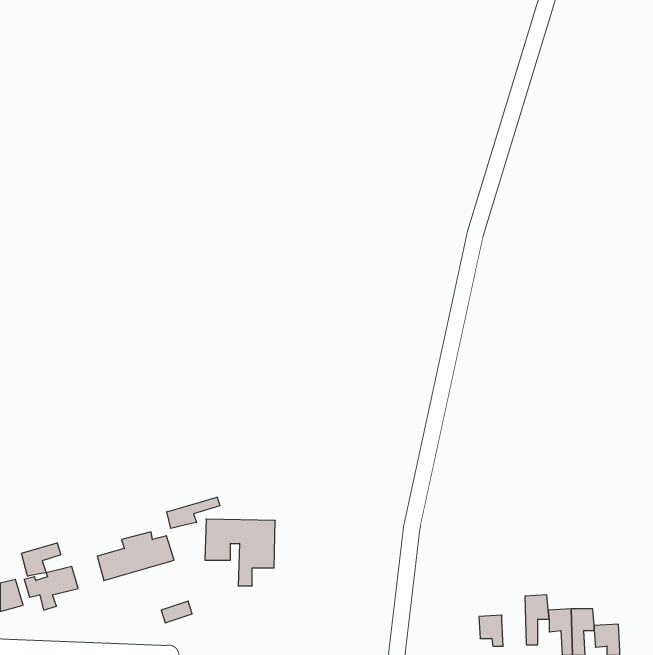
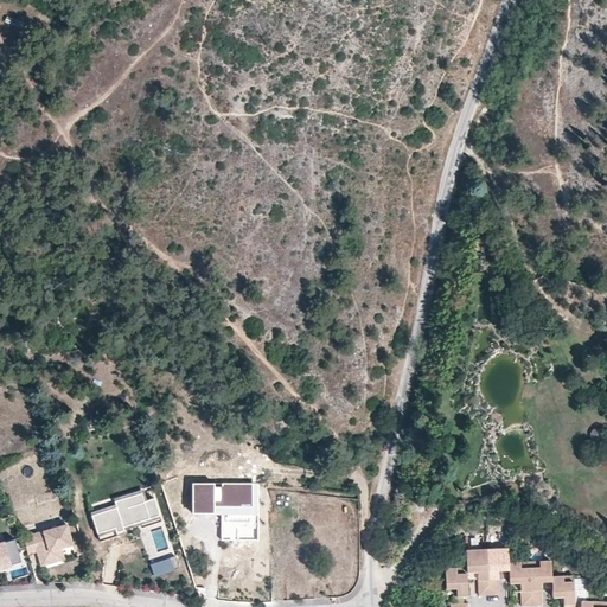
building: [167,497,220,528] -> none
building: [21,543,61,576] -> none
building: none -> [465,551,488,596]

